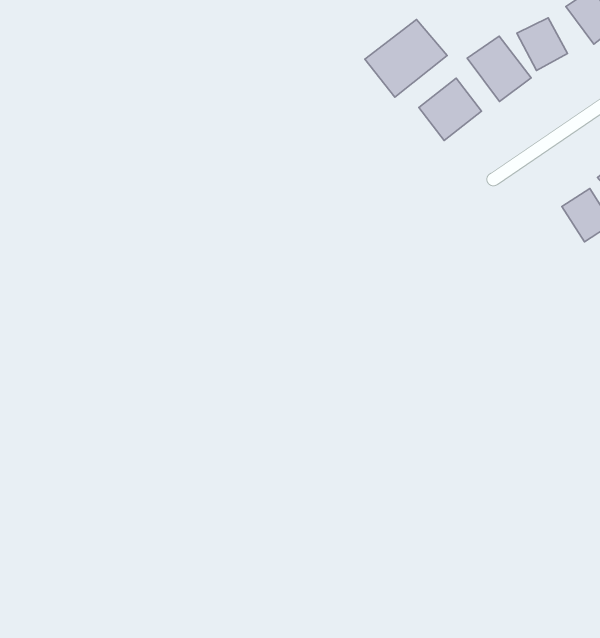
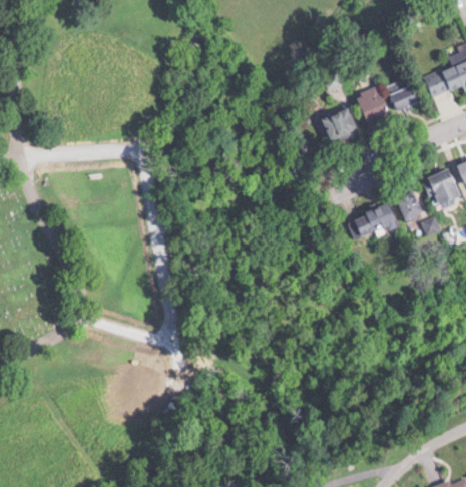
building: [365,20,447,97] -> none
building: none -> [347,204,398,242]

